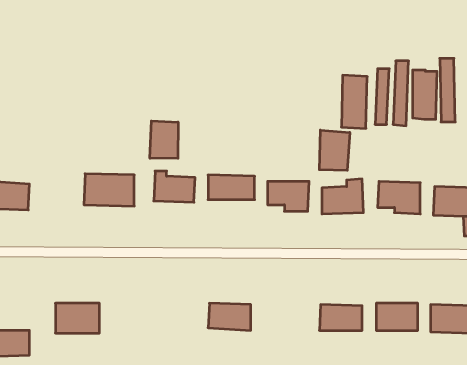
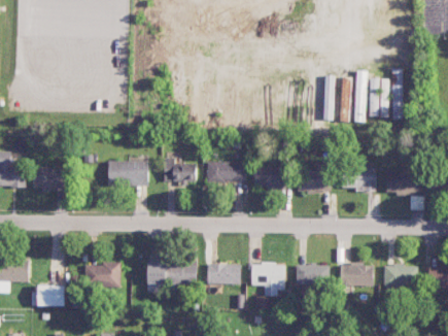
building: [150,121,178,158] -> none
building: [319,130,350,170] -> none
building: none -> [147,262,197,283]
building: none -> [251,263,285,296]

